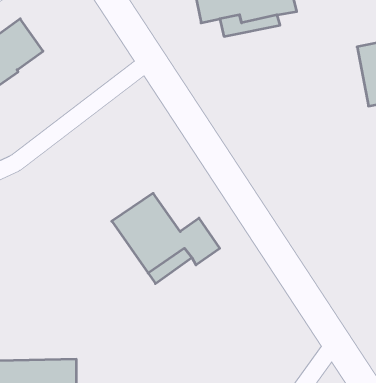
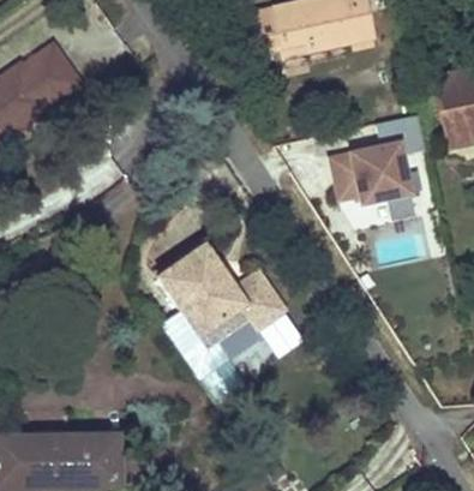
building: none -> [335,115,427,218]

